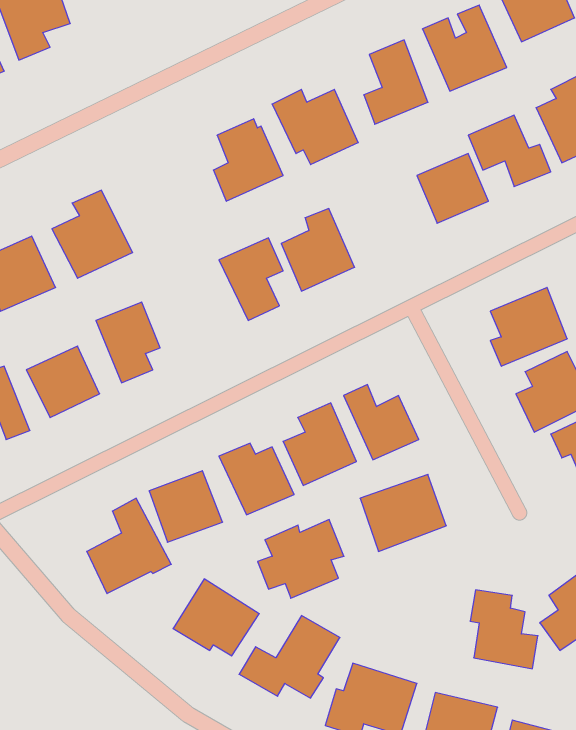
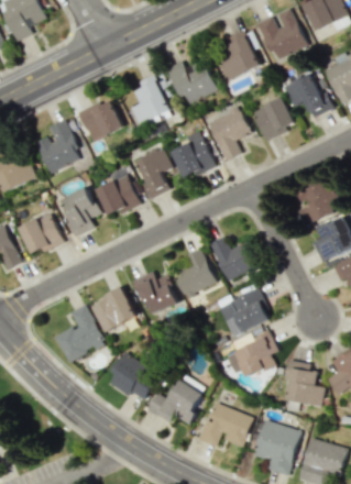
building: none -> [77,99,122,142]
building: none -> [207,108,250,161]
building: none -> [95,167,140,218]
building: [258,520,344,598] -> [226,330,277,377]

